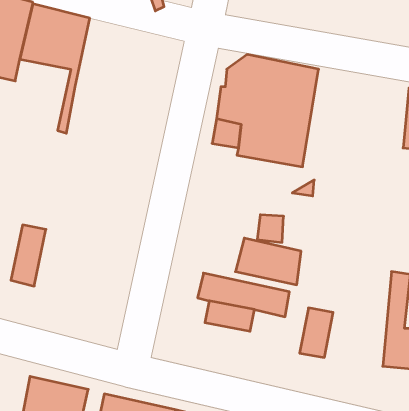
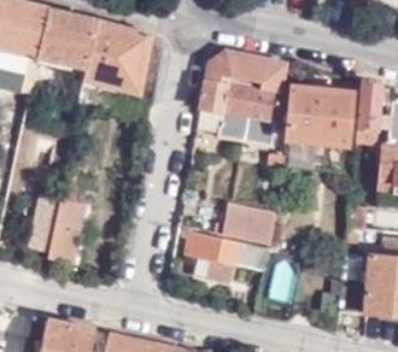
building: none -> [84,23,152,95]
building: none -> [285,88,353,151]
building: none -> [48,172,87,263]

